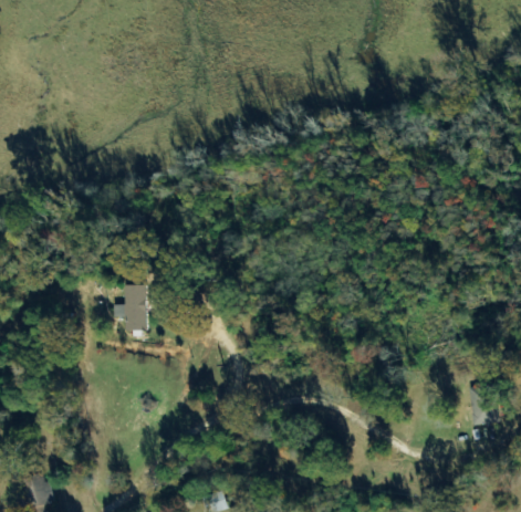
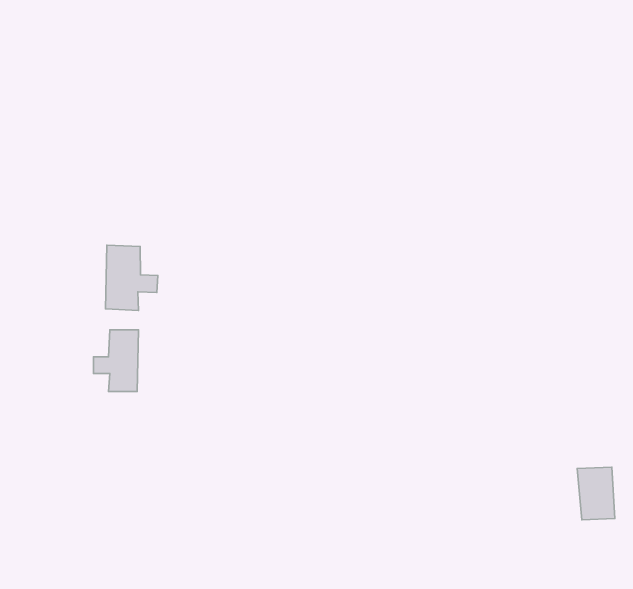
building: none -> [105,245,158,310]

